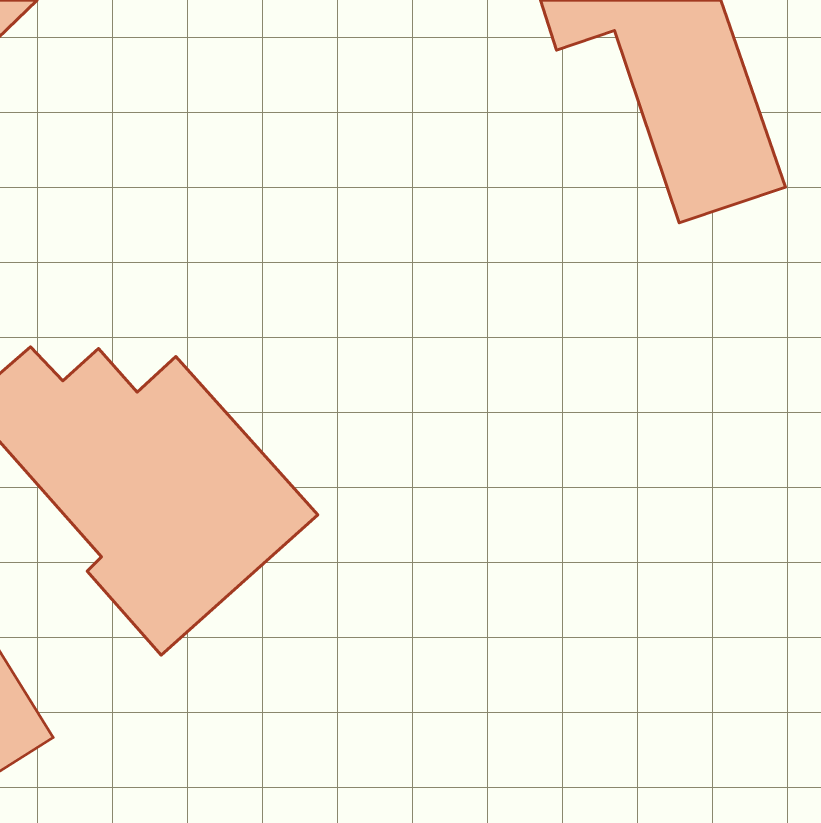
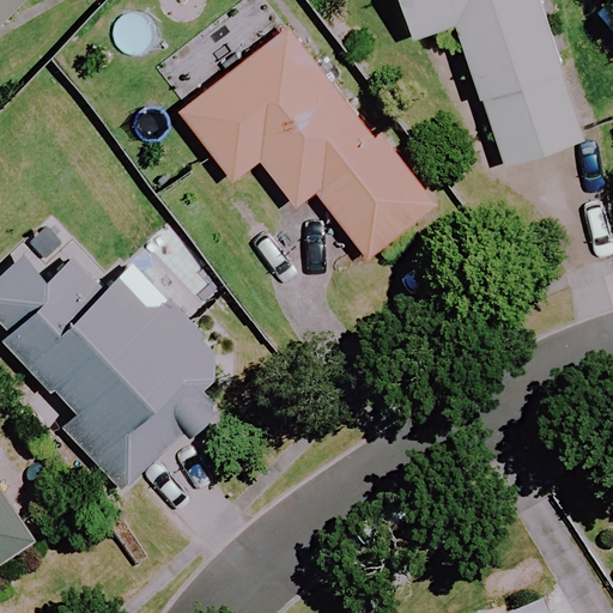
building: none -> [180,25,431,256]

